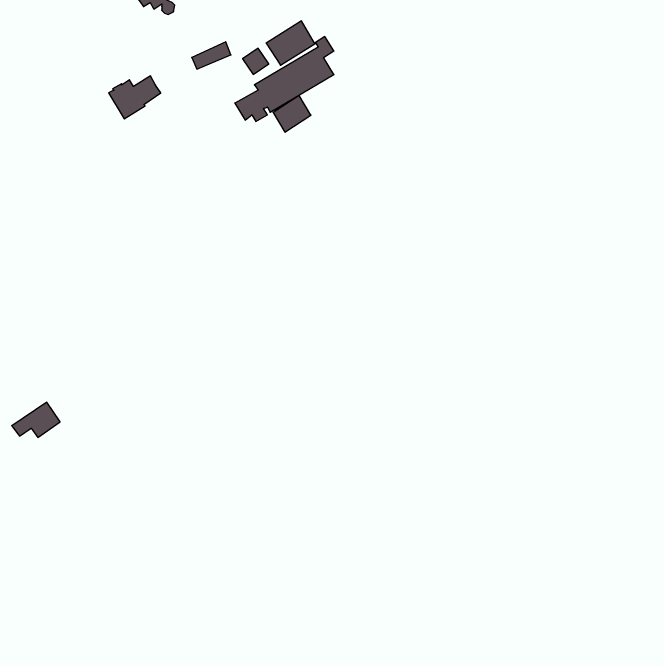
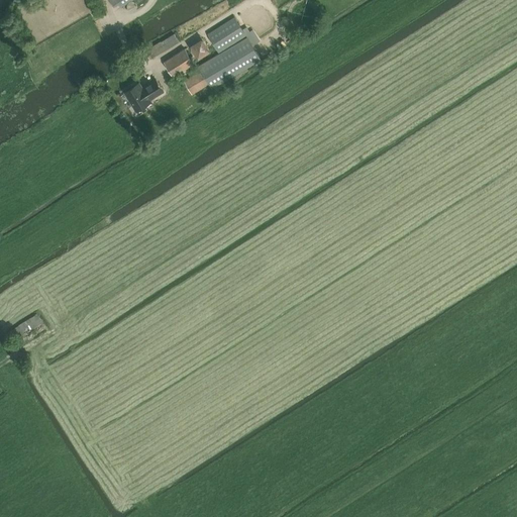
building: [109,76,161,119] -> [122,77,163,110]
building: [273,95,311,132] -> [163,47,192,76]

